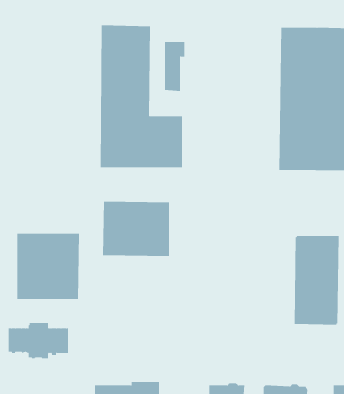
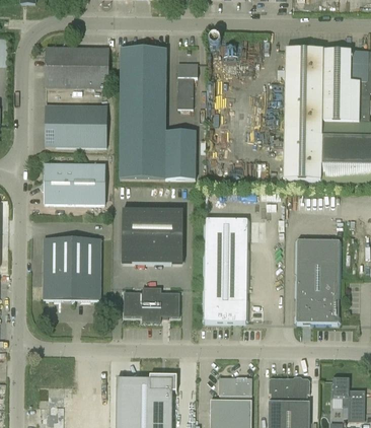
building: none -> [46,47,108,88]
building: none -> [45,105,107,147]
building: none -> [45,163,105,204]
building: none -> [205,219,247,320]
building: [8,322,69,359] -> [124,287,179,320]

